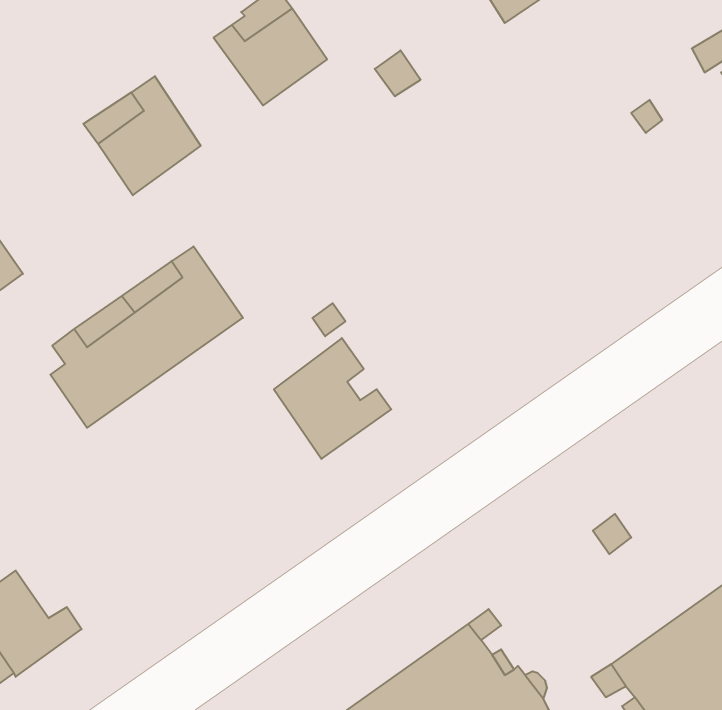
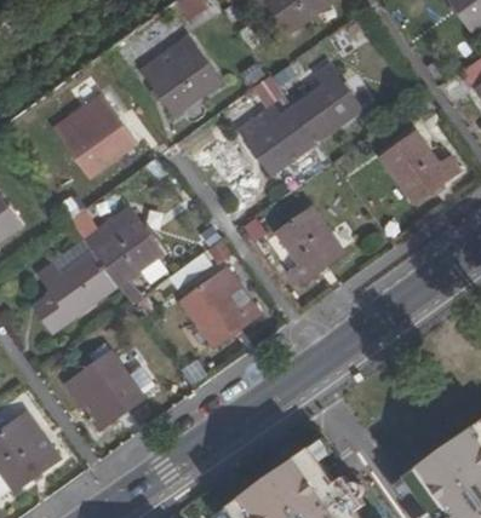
building: none -> [239,63,362,174]
building: none -> [380,136,458,206]
building: none -> [271,206,343,286]
building: none -> [61,350,141,428]

